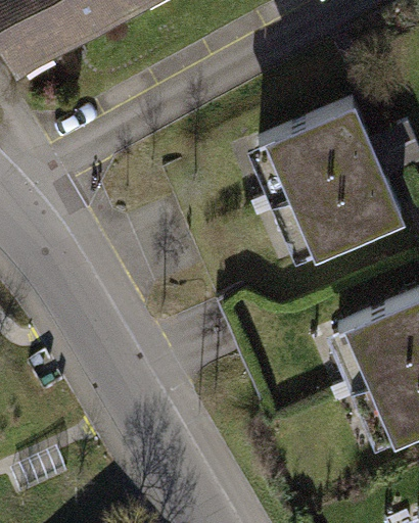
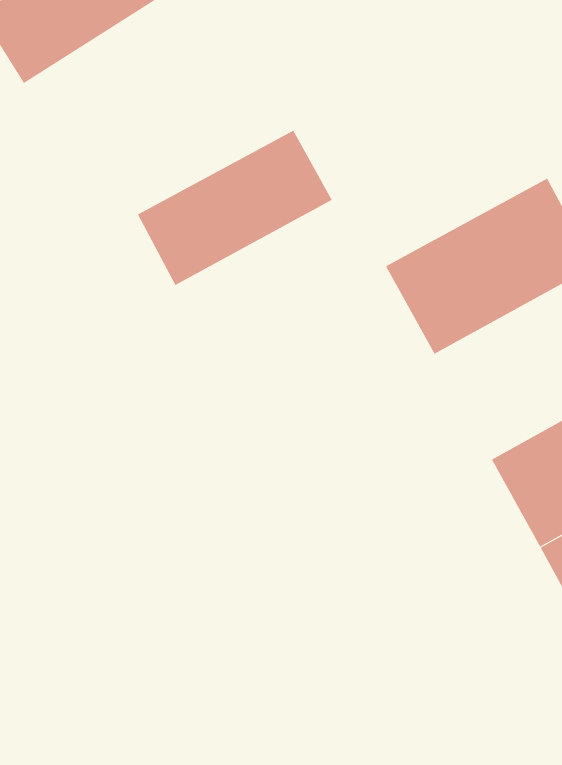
building: [249,94,382,198] -> none
building: none -> [137,130,333,286]

